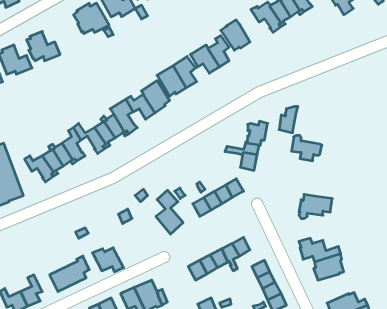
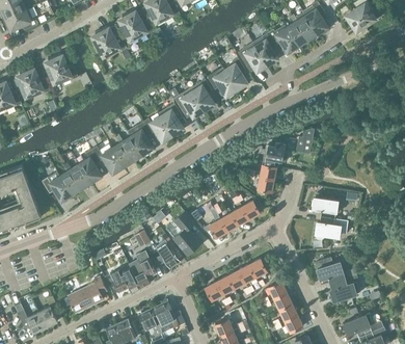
building: none -> [253,32,277,64]
building: [292,136,322,161] -> [313,193,343,218]
building: none -> [156,238,181,269]
building: none -> [130,259,157,289]

